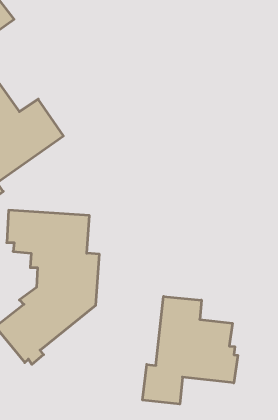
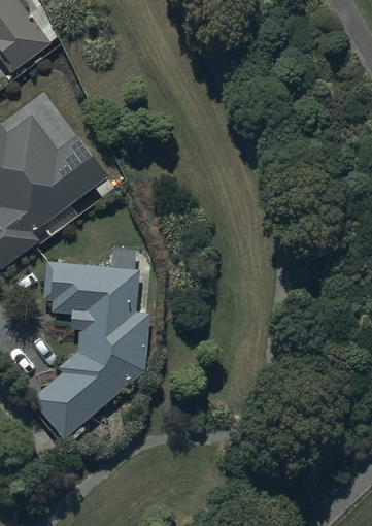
building: [143,296,238,404] -> none

